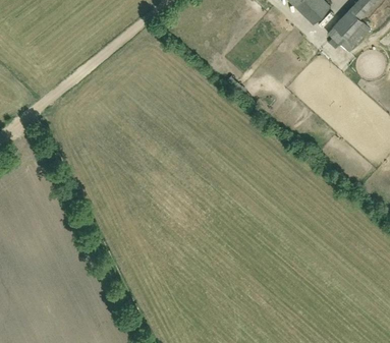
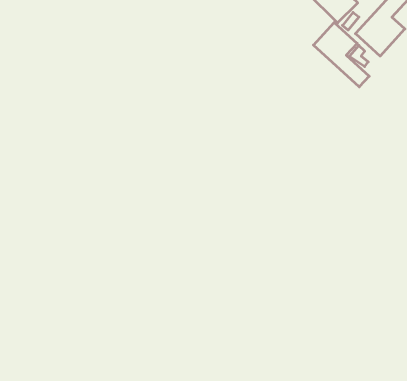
building: none -> [313,22,369,87]

